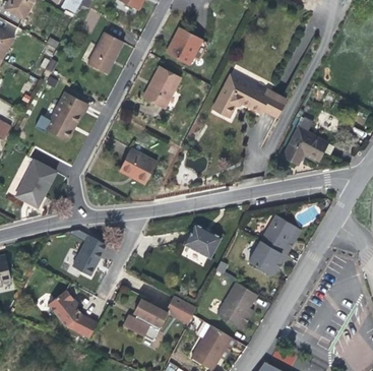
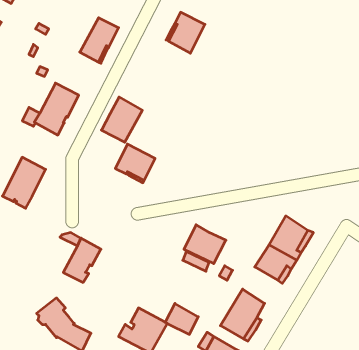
building: [143,66,181,108] -> [101,97,142,142]
building: [212,74,287,117] -> none
building: [284,117,334,165] -> none

